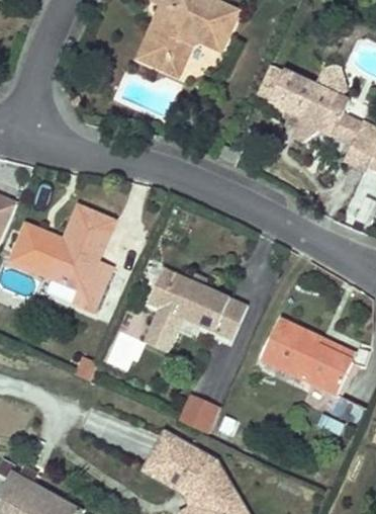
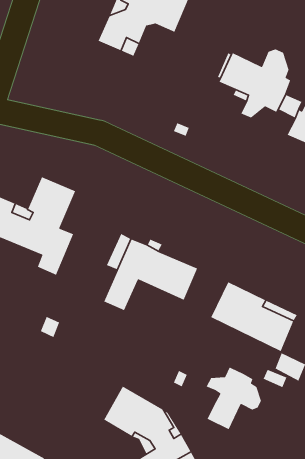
building: [180,394,219,432] -> none
building: none -> [205,367,262,430]

